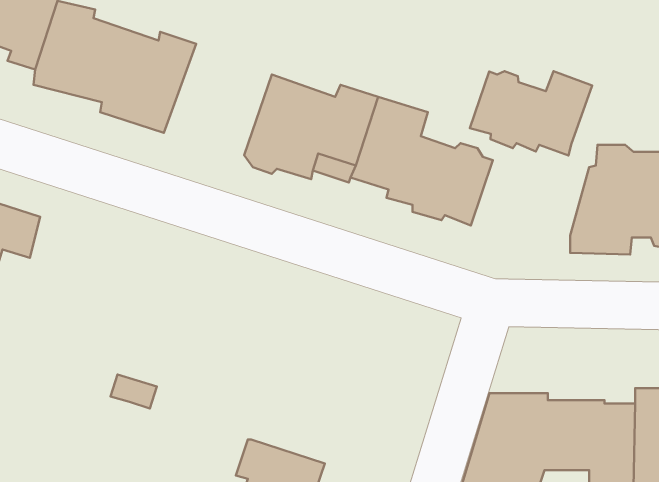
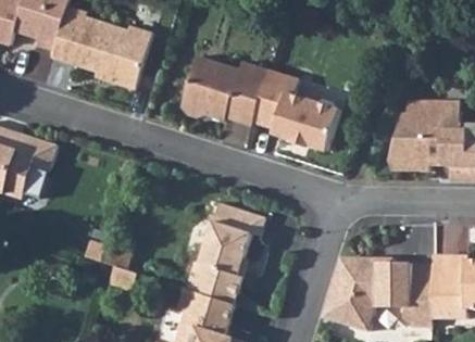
building: [470,71,592,155] -> none
building: none -> [188,202,264,302]

